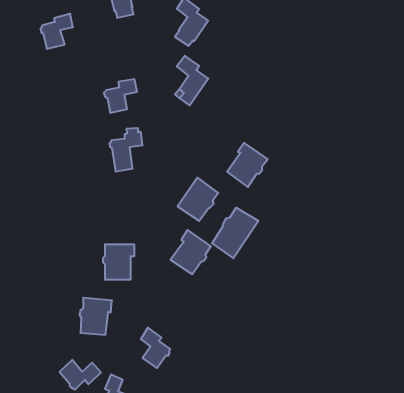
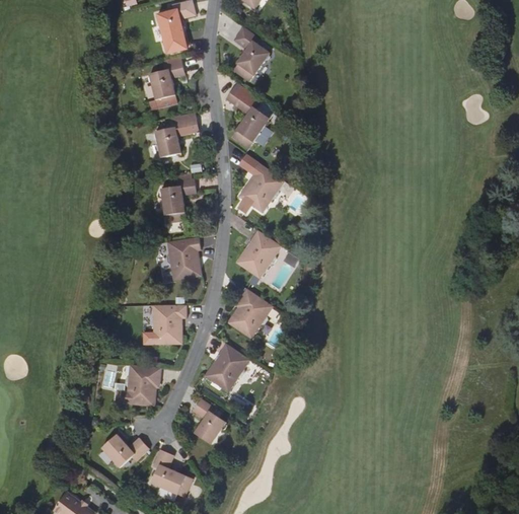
building: [40,14,73,49] -> [148,60,184,99]
building: [227,143,268,187] -> [238,162,284,212]
building: none -> [166,236,201,281]
building: [212,208,258,258] -> none
building: none -> [205,343,250,391]

